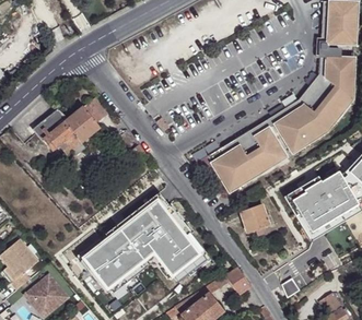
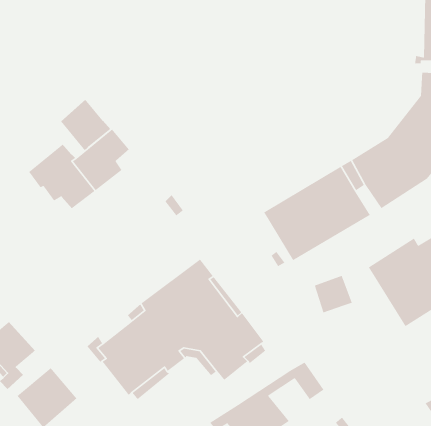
building: none -> [60,99,111,151]

